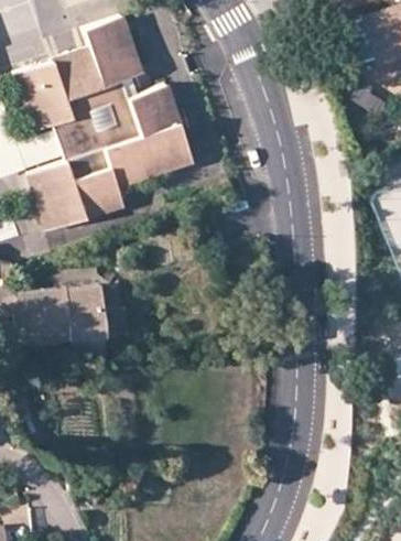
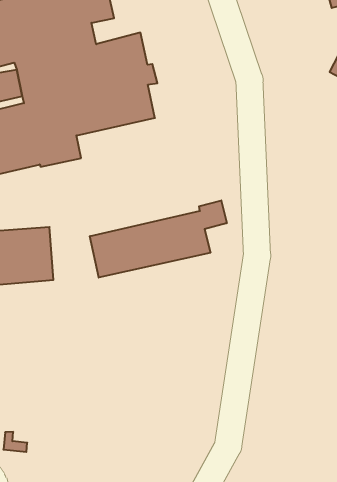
building: none -> [90,200,227,278]

